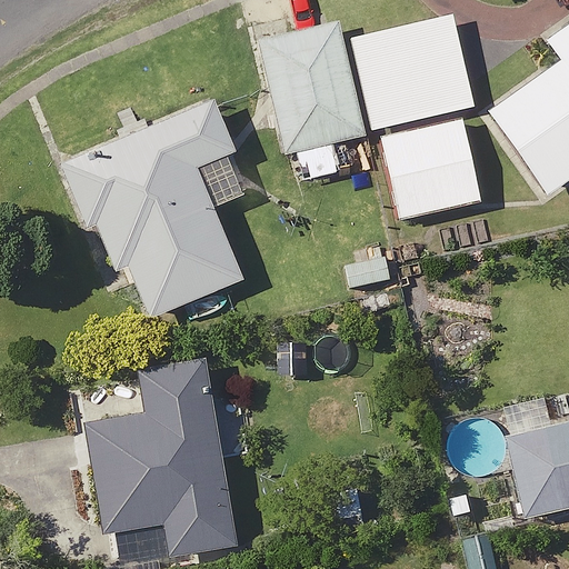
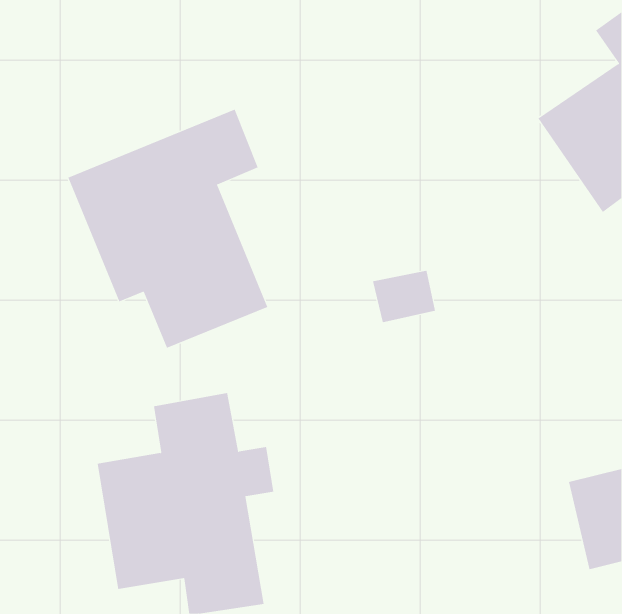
building: [353,17,472,119] -> none
building: [262,20,371,180] -> none
building: [381,116,478,216] -> none

